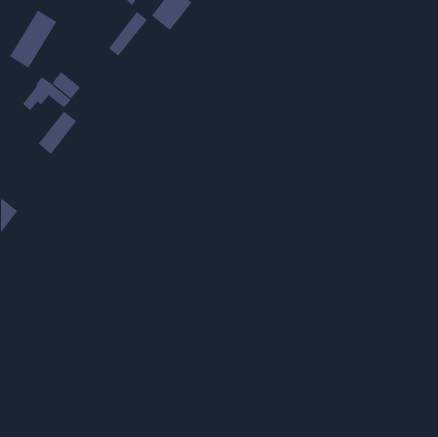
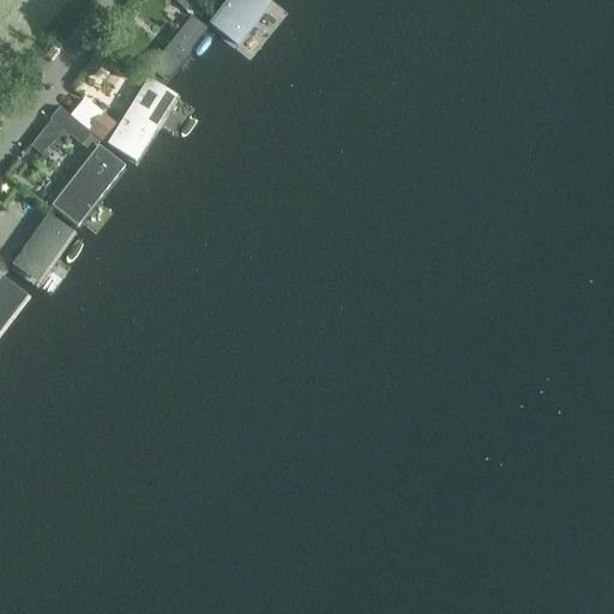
building: [9,10,57,68] -> [109,79,176,161]
building: none -> [17,215,72,270]

